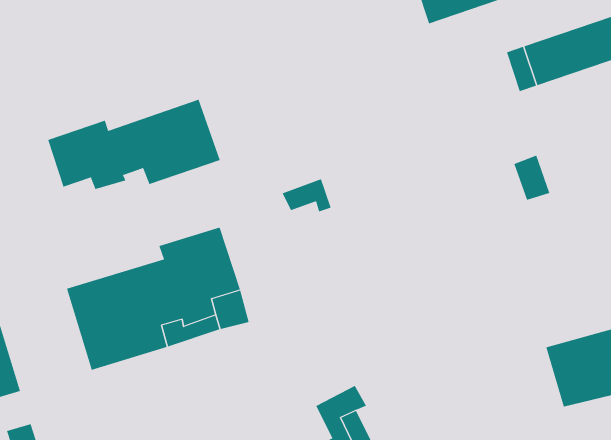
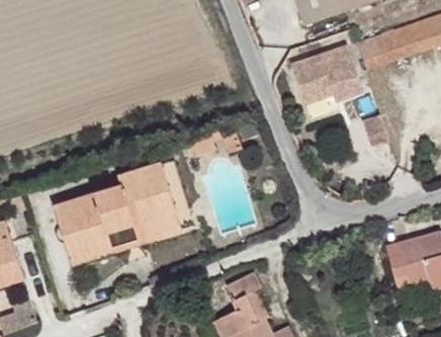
building: none -> [292,46,364,104]
building: [48,99,220,190] -> none

